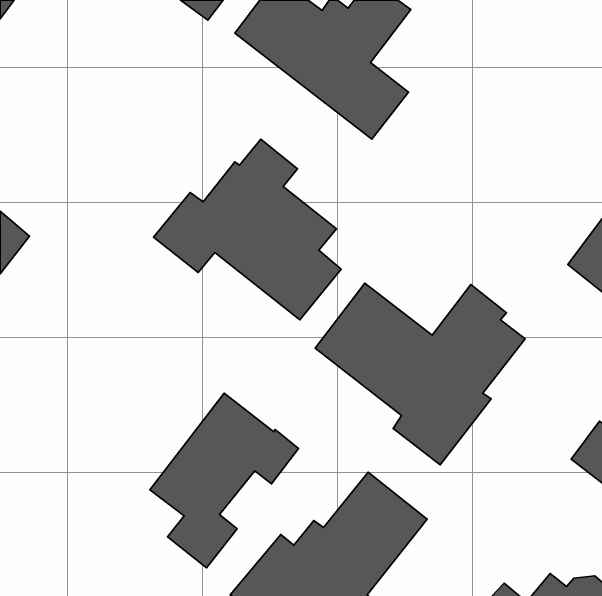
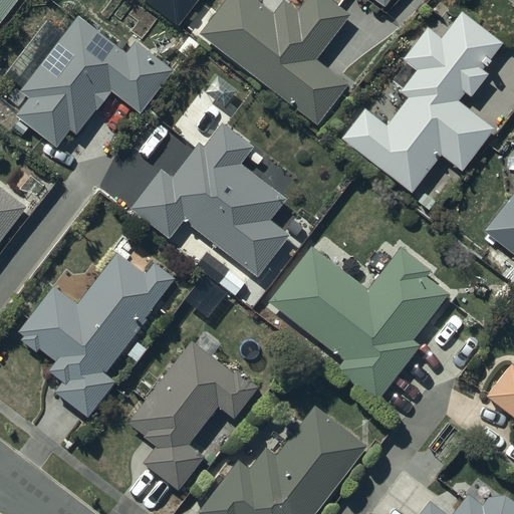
building: none -> [340,12,502,192]
building: none -> [17,18,174,147]
building: none -> [18,253,176,417]

